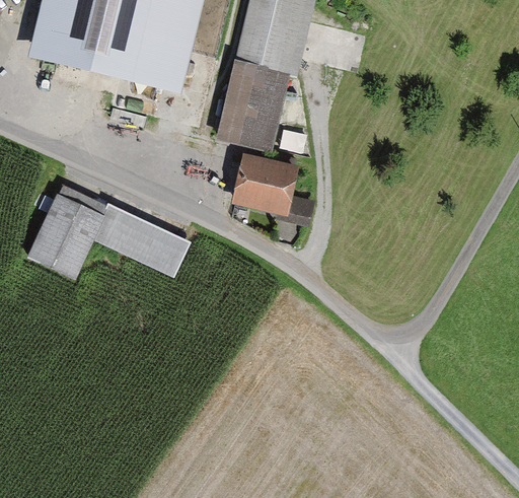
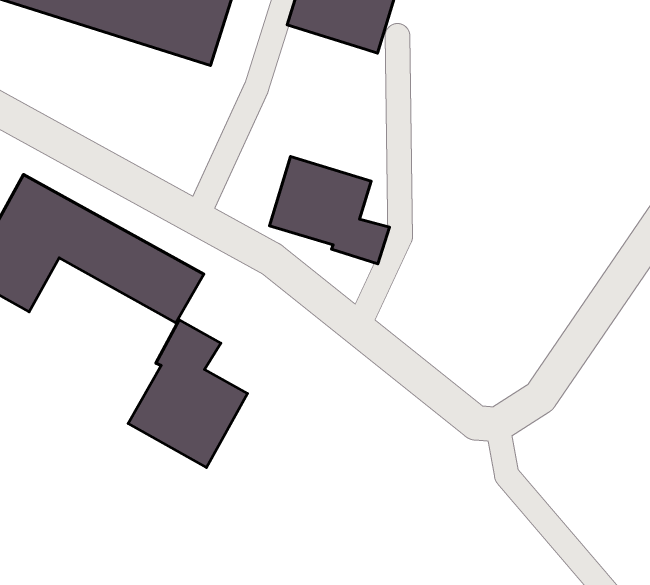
building: [216,61,290,152] -> none
building: none -> [128,320,248,467]

